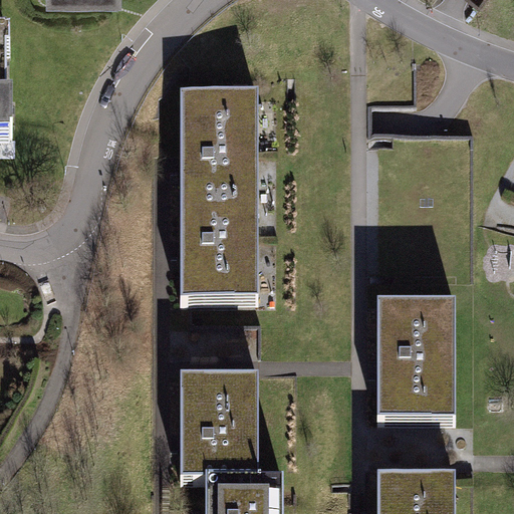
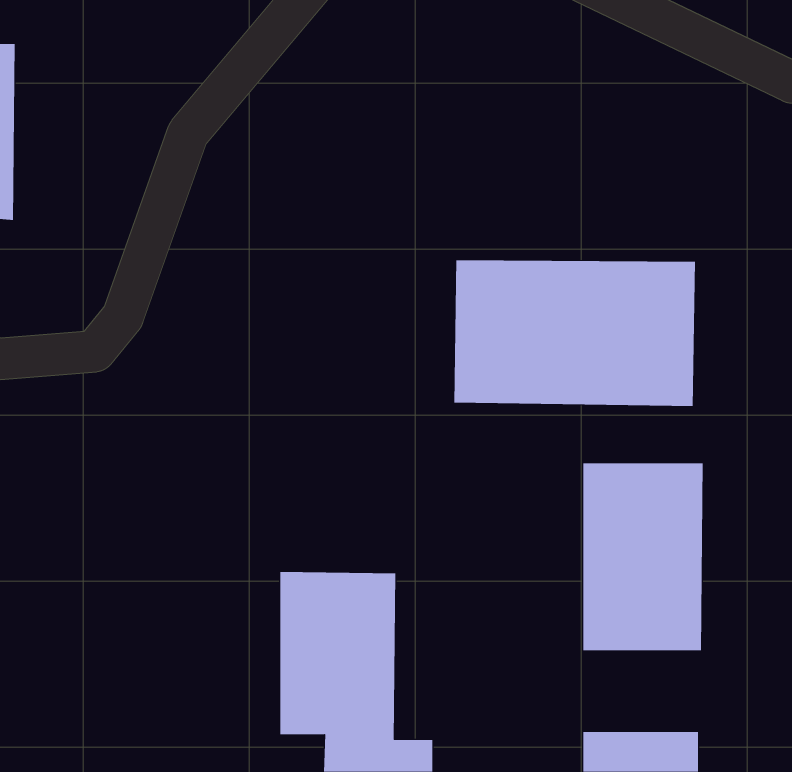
building: [182,94,256,294] -> none
building: none -> [454,259,695,407]

